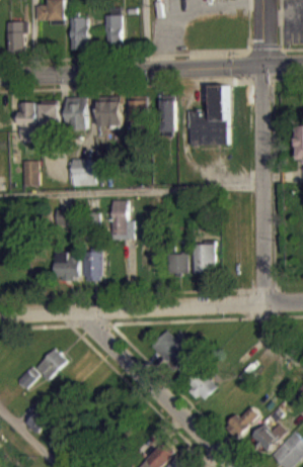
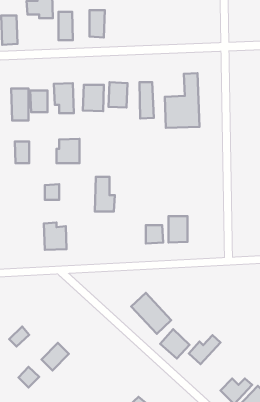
building: [83,247,102,281] -> none
building: [34,349,65,379] -> [41,343,69,370]
building: [223,406,258,439] -> [189,335,221,364]

